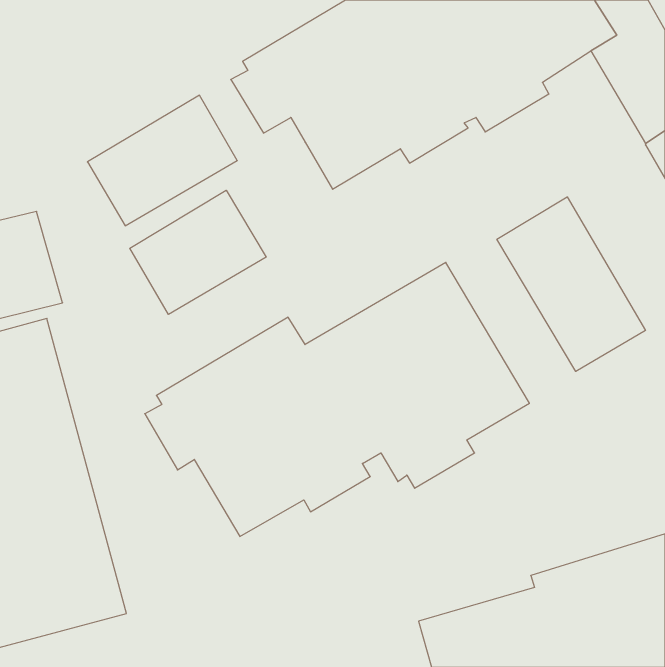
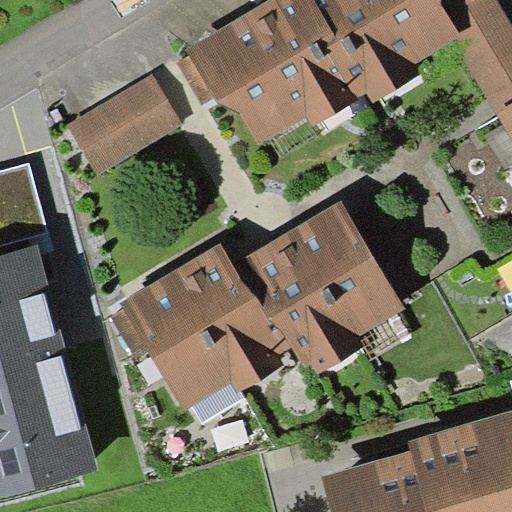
building: [130,190,266,314] -> none
building: [497,197,645,371] -> none

